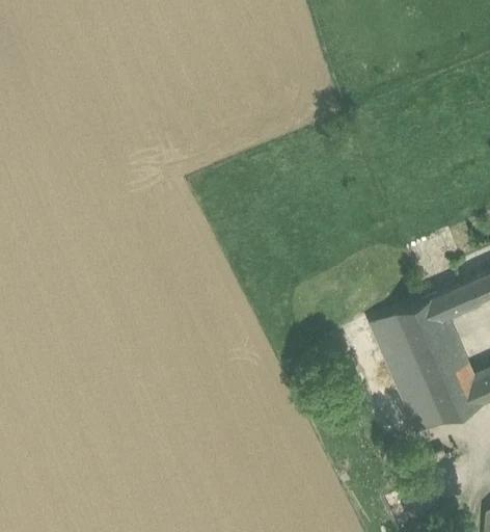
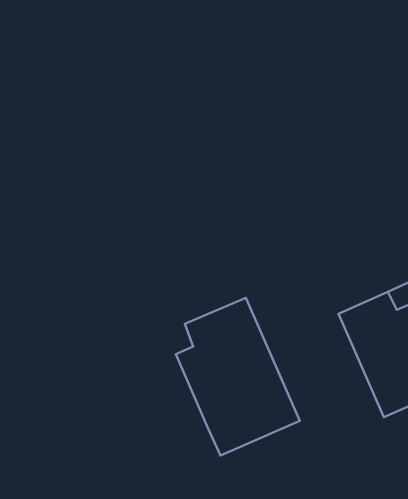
building: none -> [176,298,300,455]

